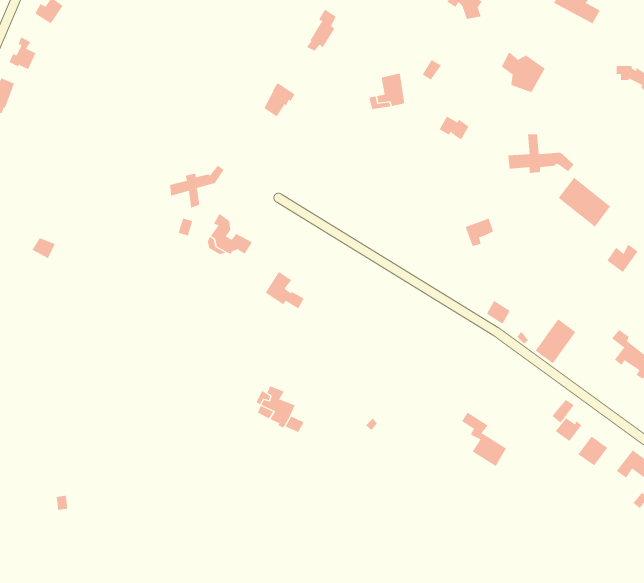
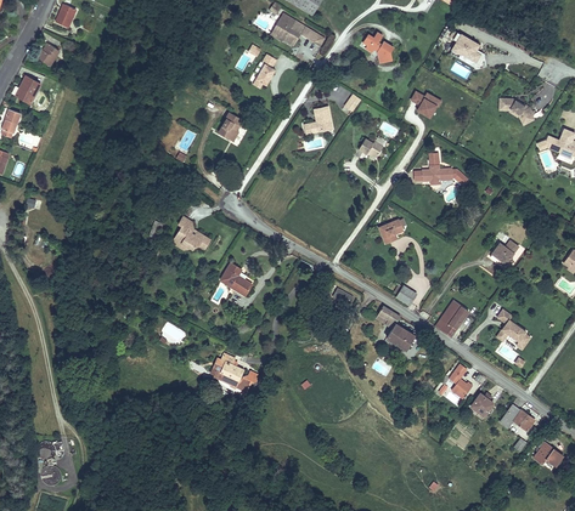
building: [170,165,224,208] -> none
building: [558,177,611,227] -> none
building: [461,412,507,467] -> [378,306,415,350]

